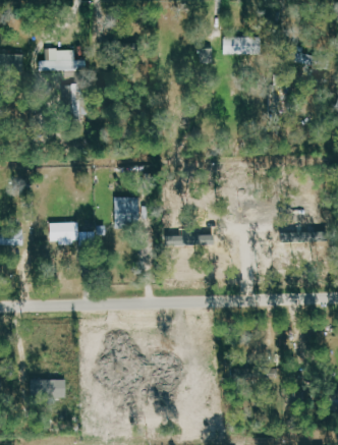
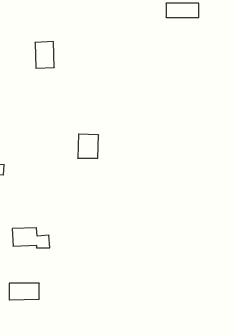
building: [39,49,86,71] -> none
building: [49,222,95,246] -> [12,228,50,248]

